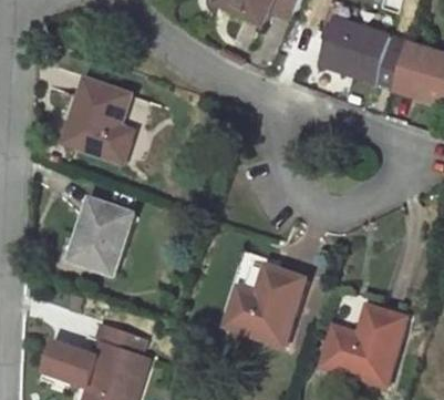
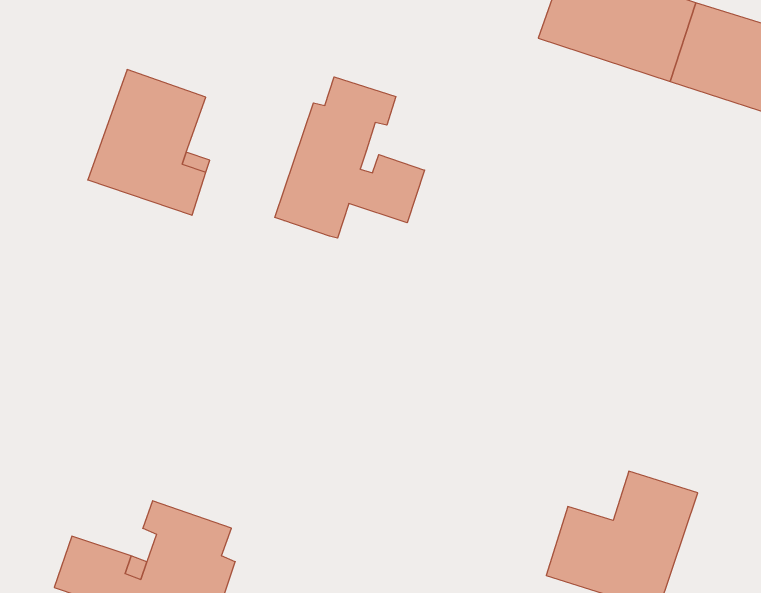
building: none -> [275,77,425,238]
building: [68,198,133,274] -> none
building: [225,266,304,345] -> none

